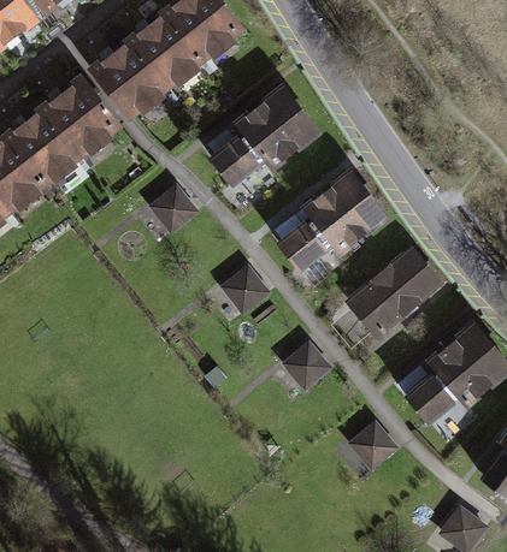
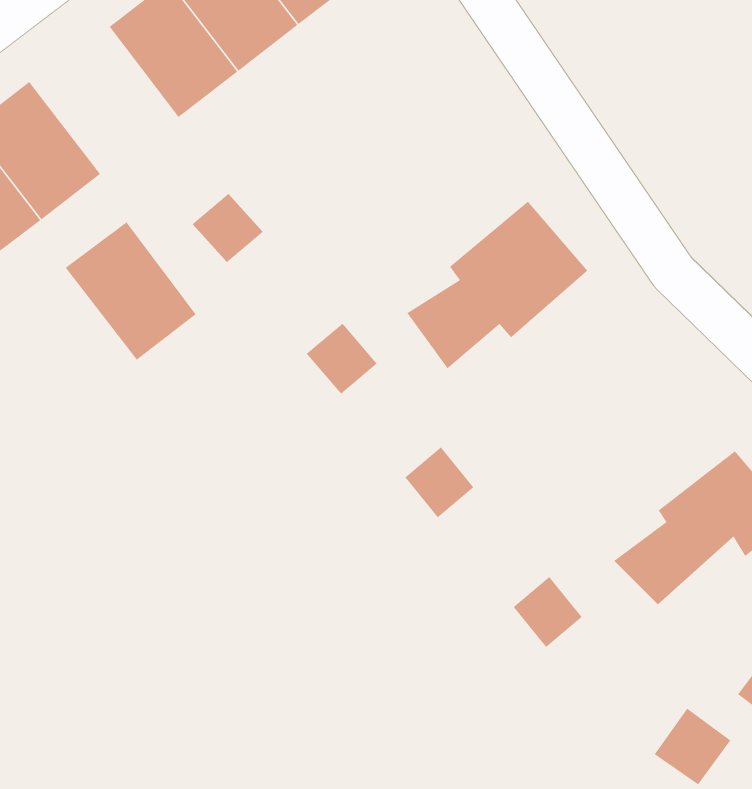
building: [41,72,123,159] -> [65,221,196,361]
building: [208,87,322,192] -> none
building: [343,244,446,342] -> none

